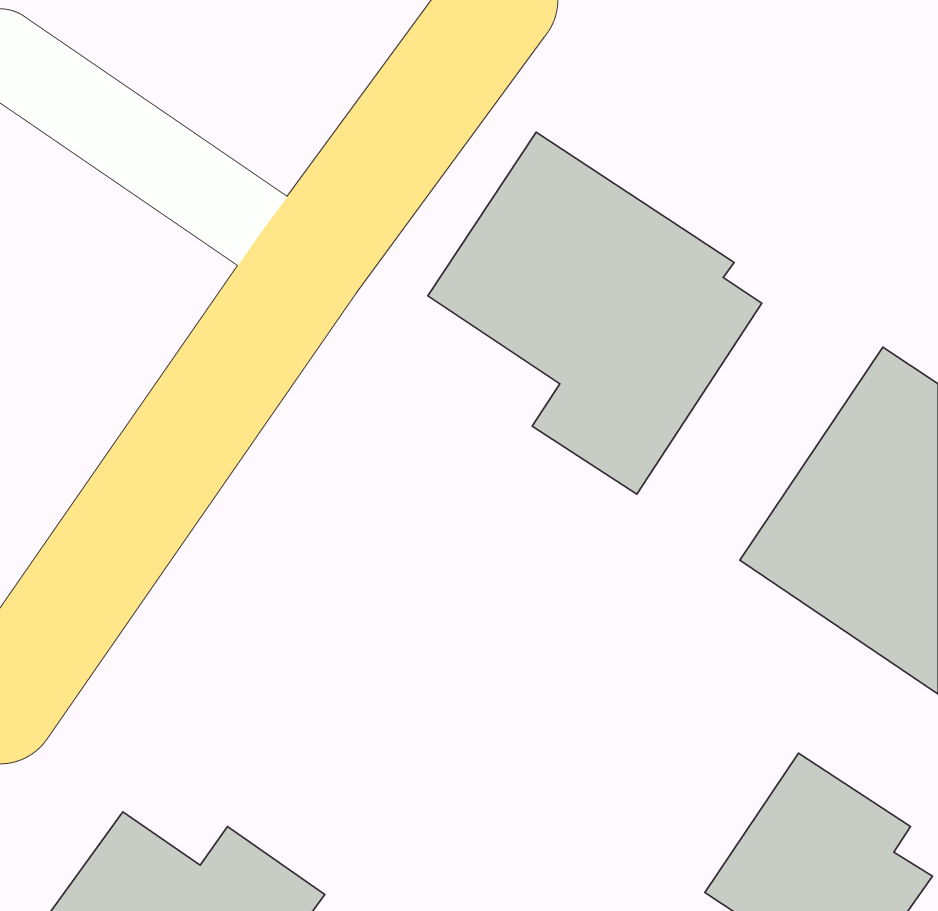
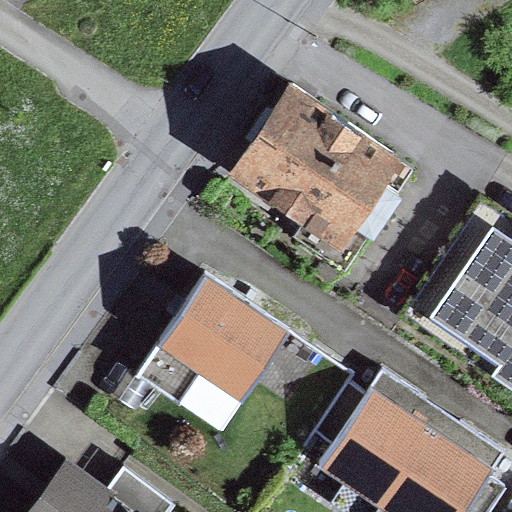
building: none -> [134,264,297,404]
building: none -> [318,385,435,501]

